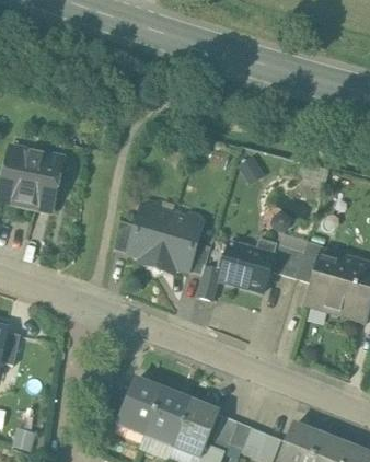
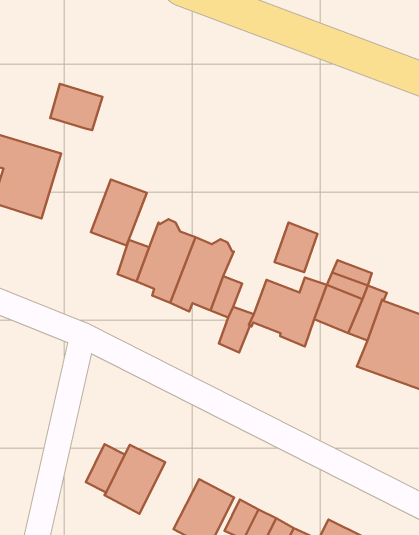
building: none -> [50,84,103,130]
building: none -> [91,180,147,245]
building: none -> [274,222,318,272]
building: [146,391,189,442] -> none

